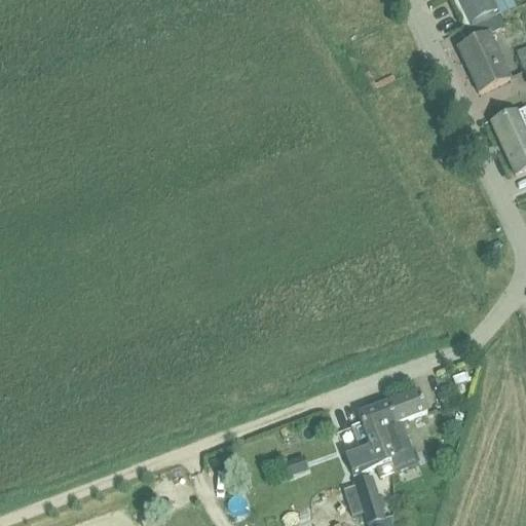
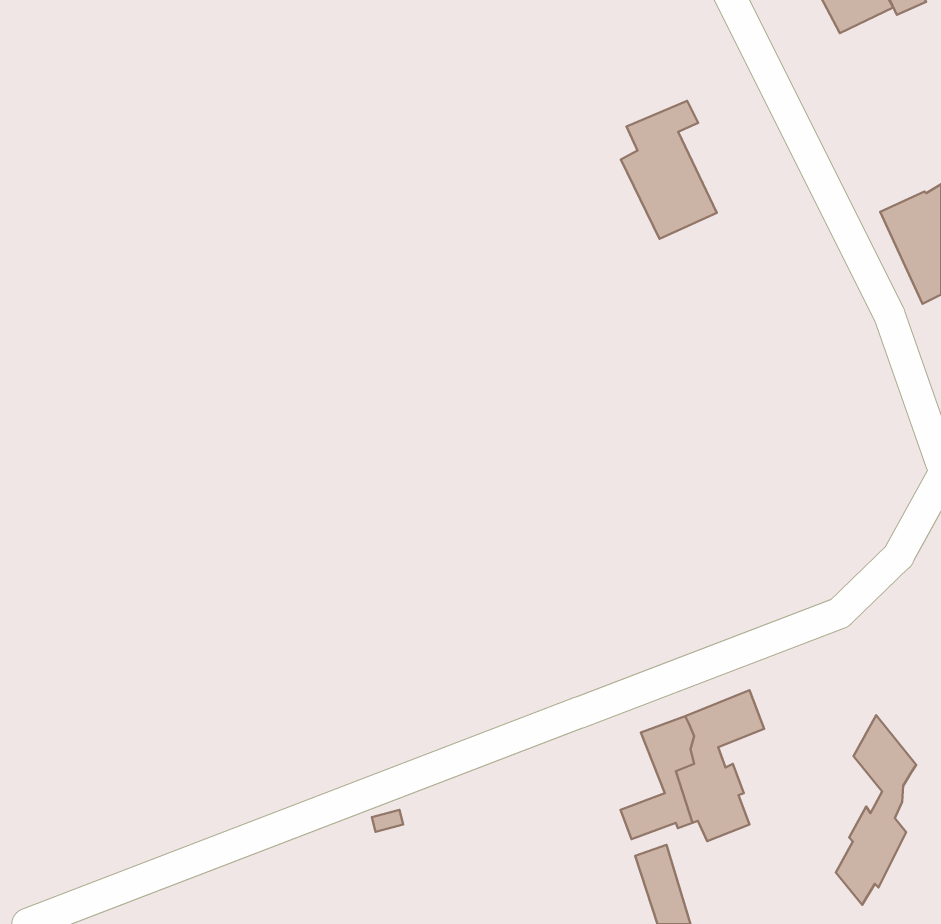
building: [457,11,511,88] -> [621,101,717,239]
building: none -> [836,715,916,905]

